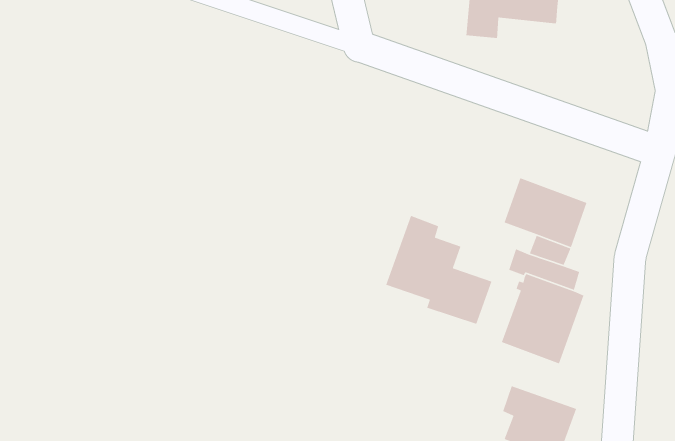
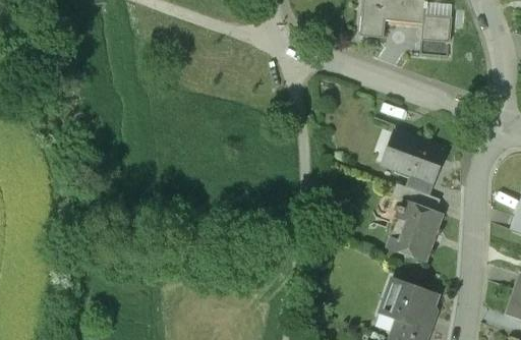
building: none -> [419,14,452,55]
building: [385,215,493,325] -> none

